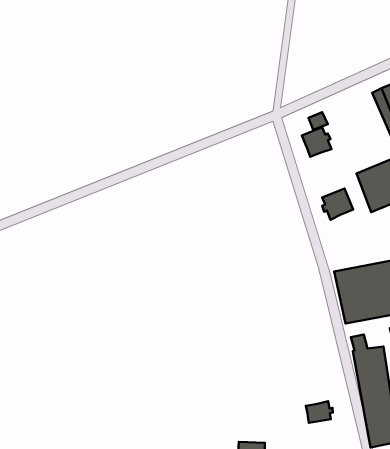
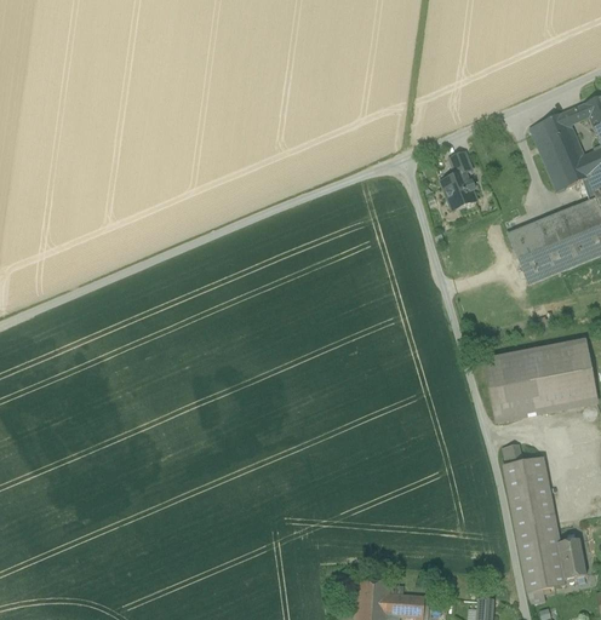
building: [322,189,353,220] -> none
building: [306,401,333,423] -> none

